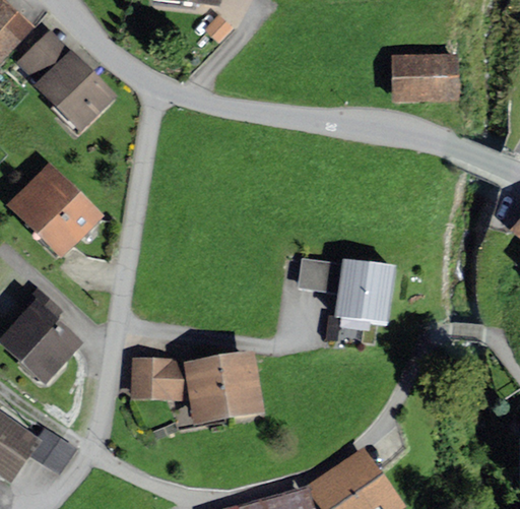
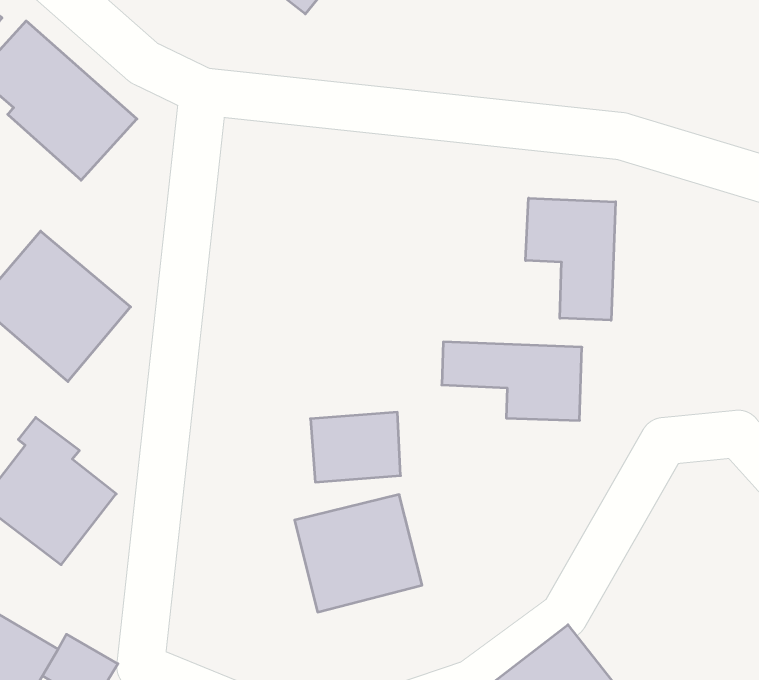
building: [389,56,458,106] -> none
building: none -> [526,198,616,320]
building: [138,359,194,399] -> [310,412,401,482]

